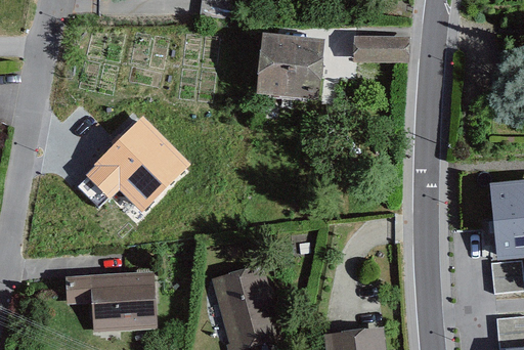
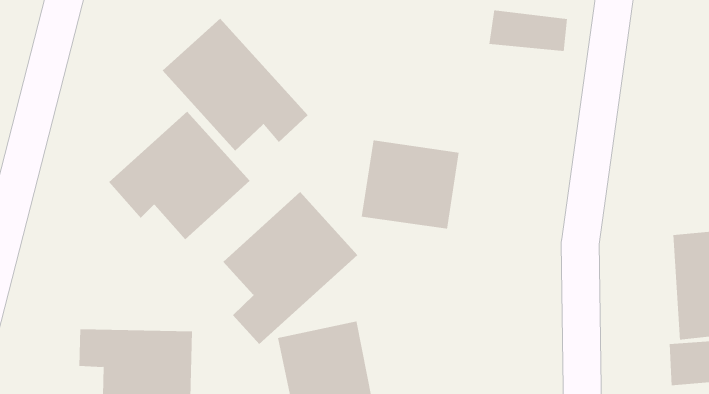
building: [260,41,328,101] -> [361,140,460,229]
building: none -> [162,18,308,151]
building: none -> [223,191,358,345]

